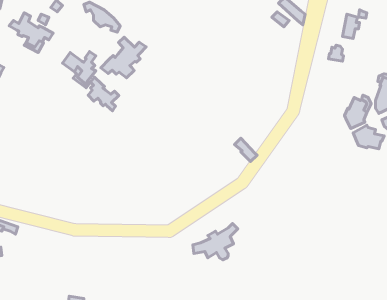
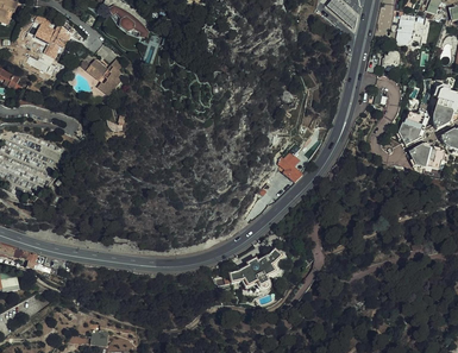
building: [101,37,146,78] -> none
building: [88,77,119,111] -> none

